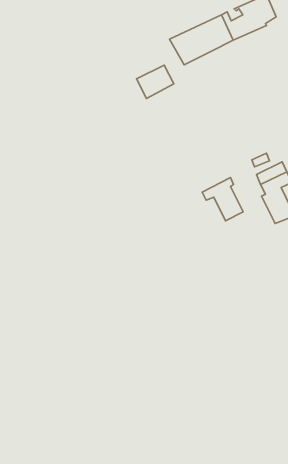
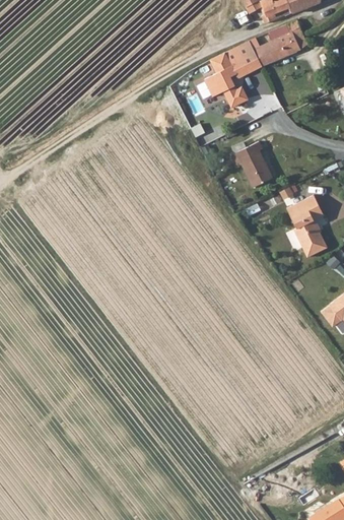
building: [137,65,174,99] -> [212,78,251,113]
building: [202,178,243,221] -> [228,141,271,186]

